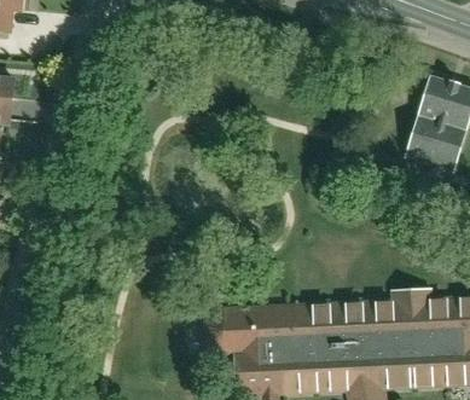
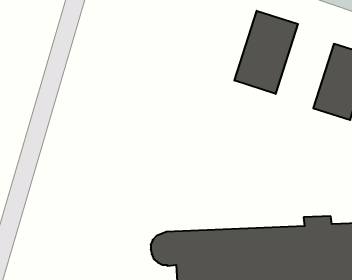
building: none -> [234,11,298,94]

